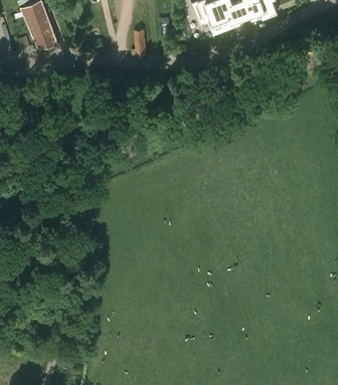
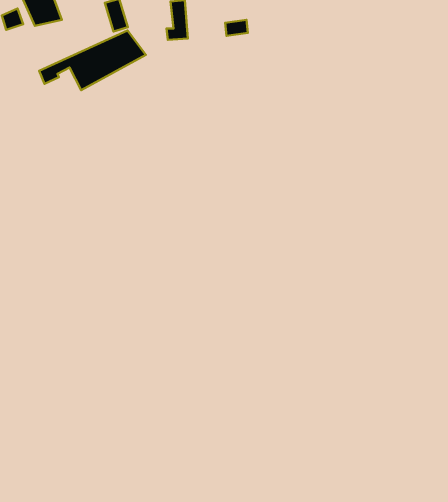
building: none -> [39,31,146,90]

